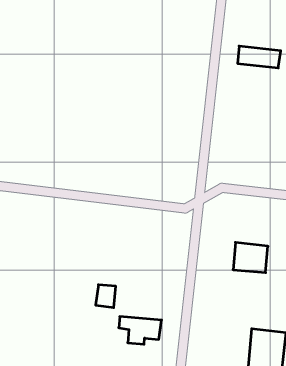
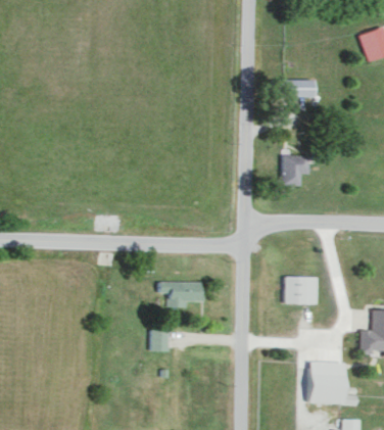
building: none -> [283,155,308,185]
building: [119,317,162,344] -> [160,281,202,306]

